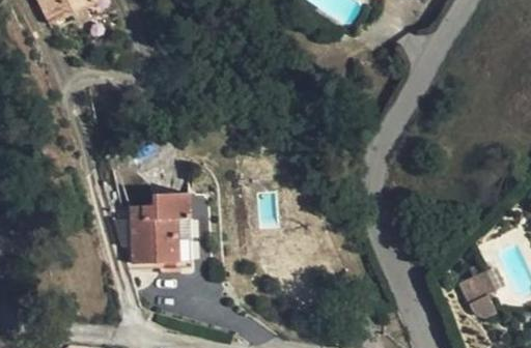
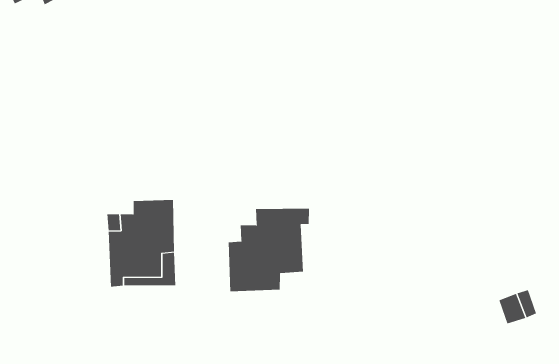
building: none -> [228,208,309,292]

